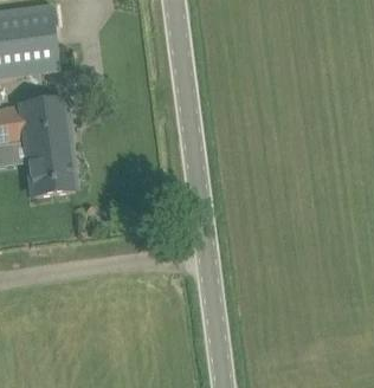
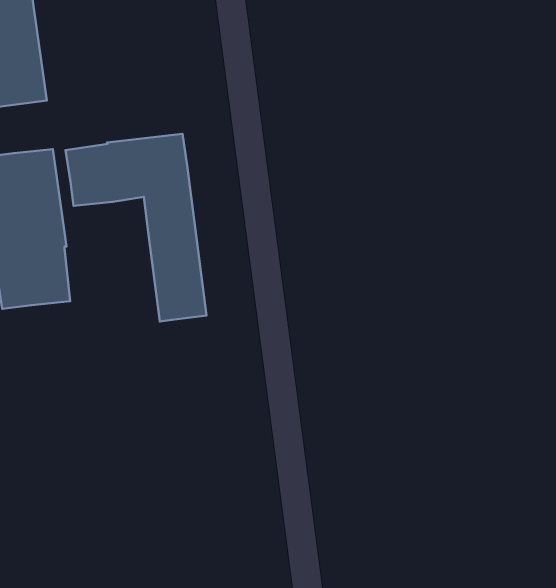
building: none -> [66,134,206,322]

